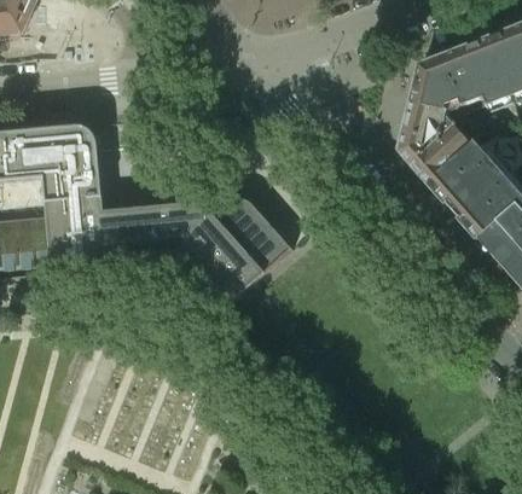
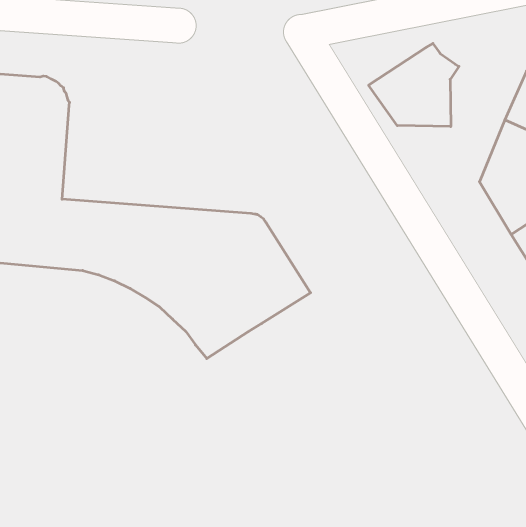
building: none -> [369,43,459,127]

